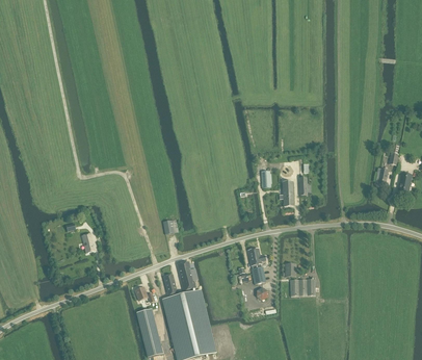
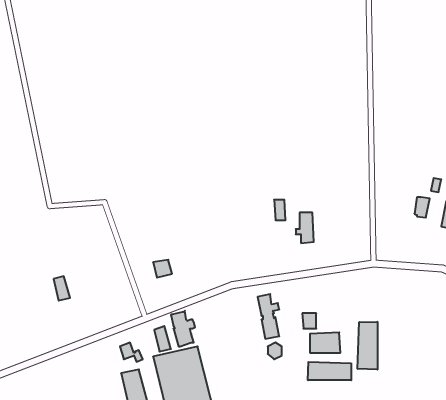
building: none -> [358,322,377,370]
building: none -> [308,362,351,380]

